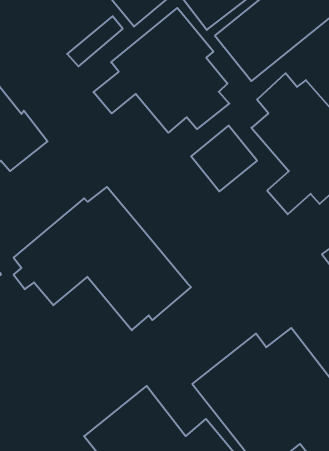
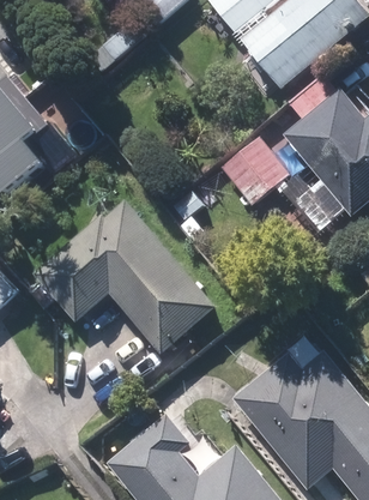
building: [93,8,229,133] -> none

